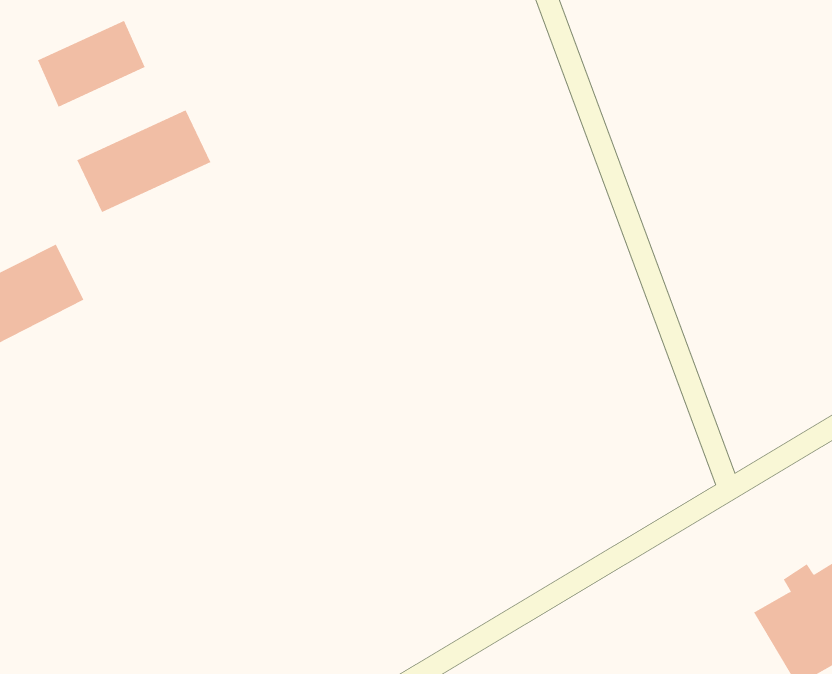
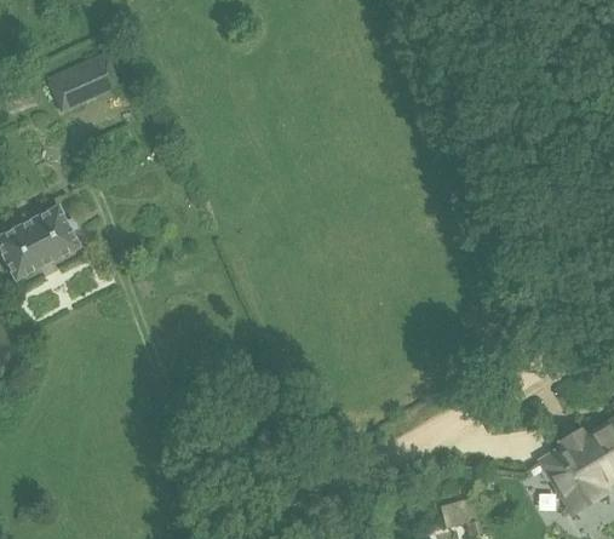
building: [77,110,211,213] -> none

